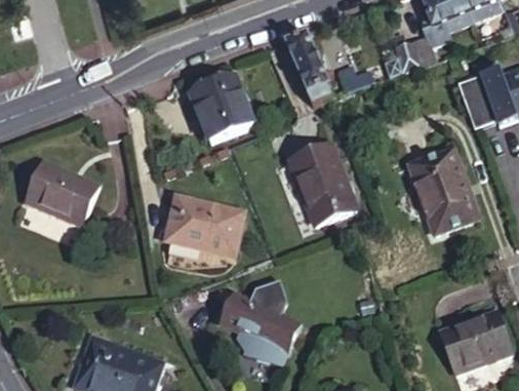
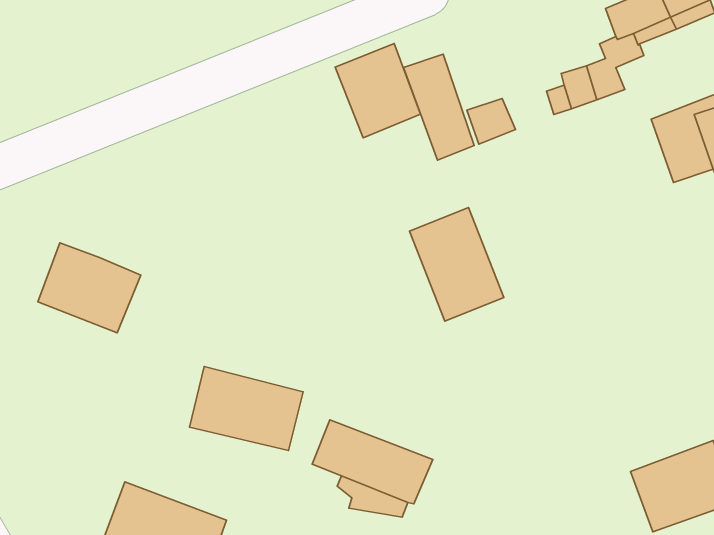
building: [190,82,249,148] -> [335,43,421,138]
building: [412,147,478,232] -> none
building: [170,195,249,253] -> [190,367,303,451]

